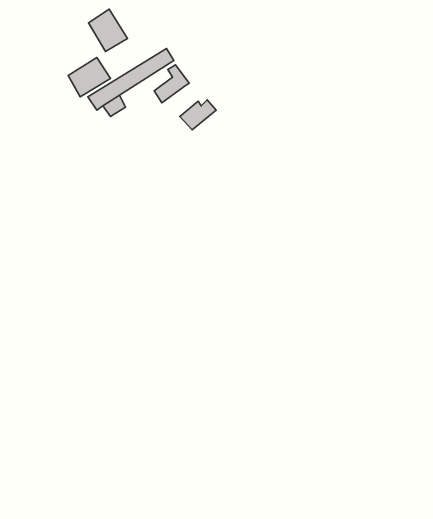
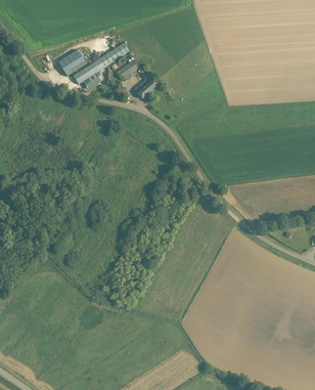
building: [88,9,128,51] -> none

